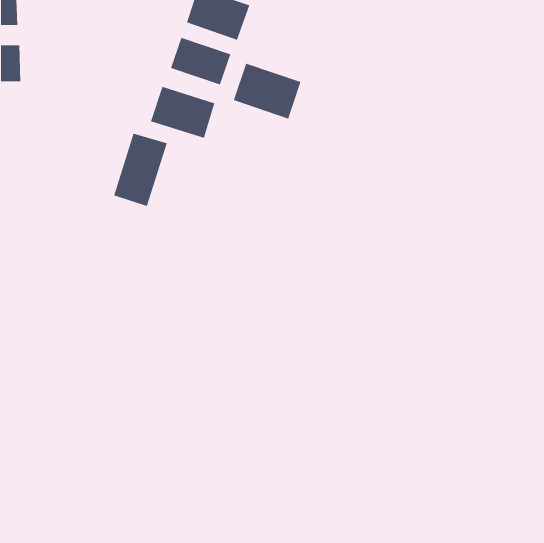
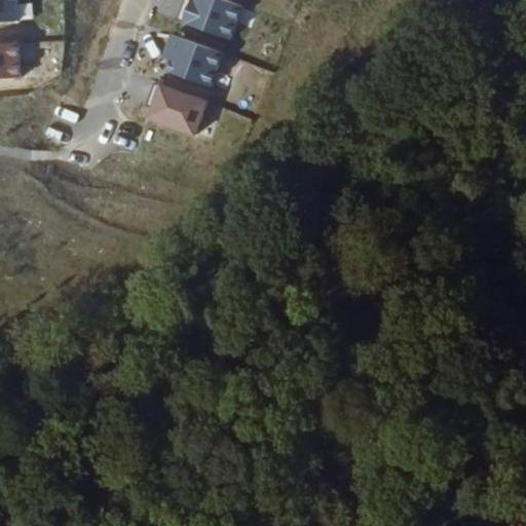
building: [233,63,301,119] -> none
building: [114,133,167,207] -> none

